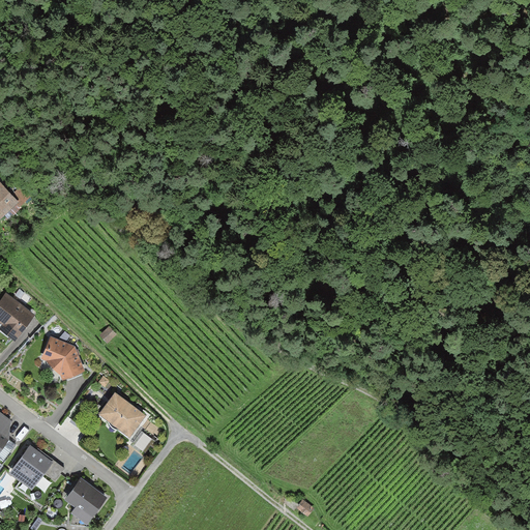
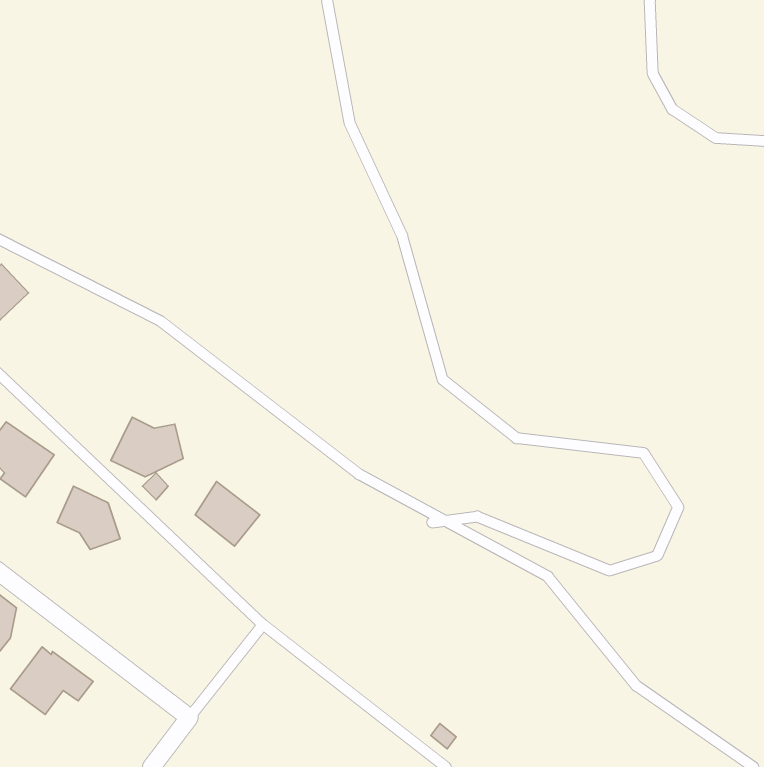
building: none -> [111,417,183,477]
building: [100,392,145,437] -> [195,482,260,546]
building: [64,478,107,524] -> none

